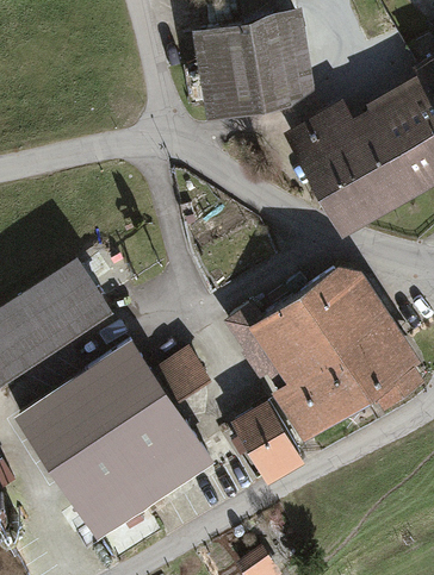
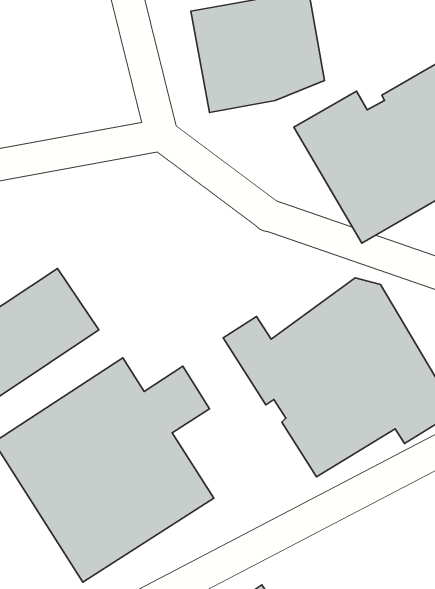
building: [229,400,309,488] -> none

